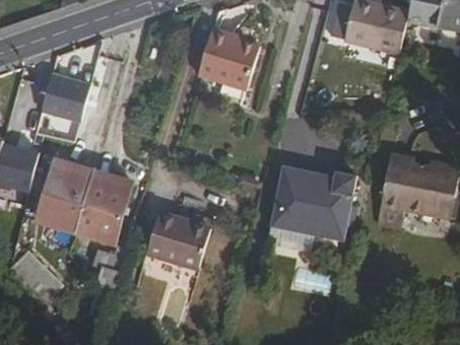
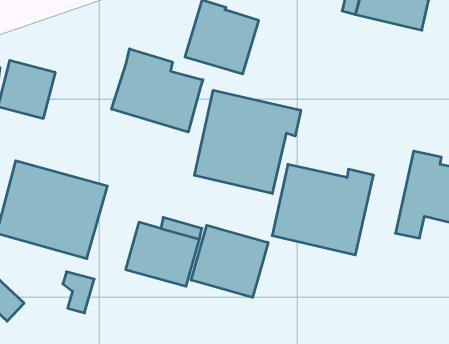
building: none -> [112,49,203,132]
building: none -> [194,90,301,194]
building: none -> [191,225,268,297]

